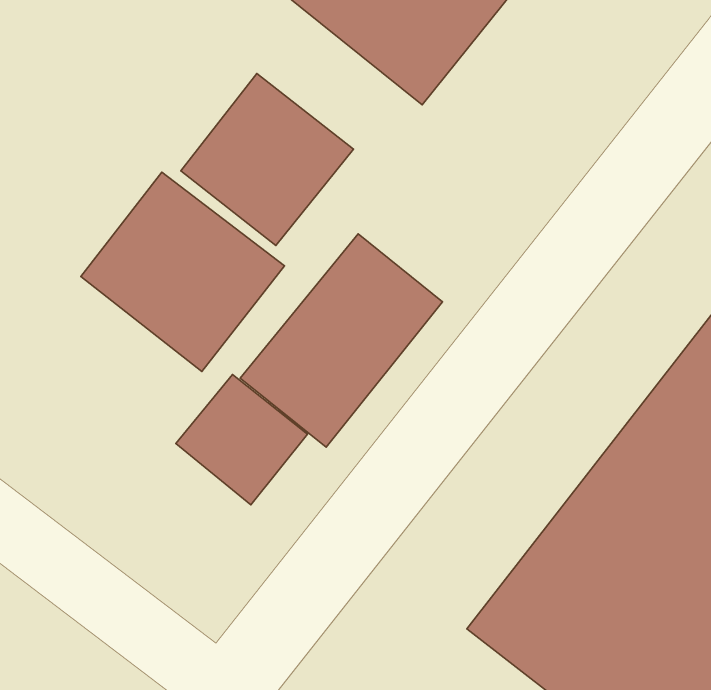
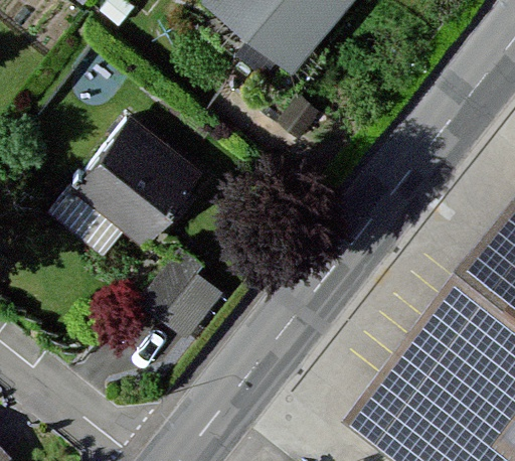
building: [181,74,353,245] -> none
building: [240,234,443,447] -> none

